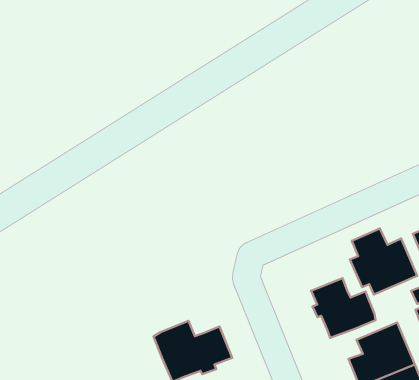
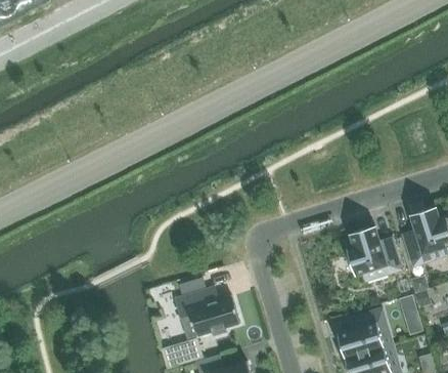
building: [311,278,376,338] -> none

